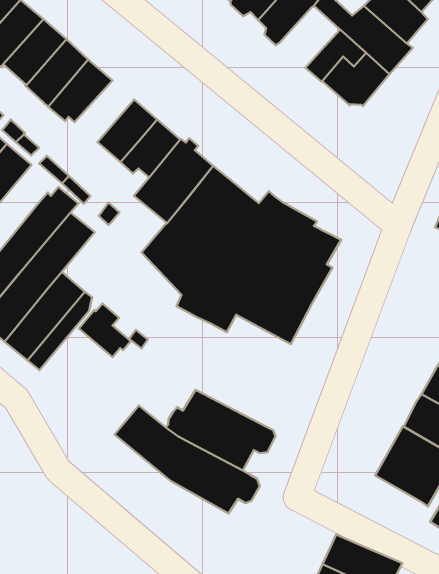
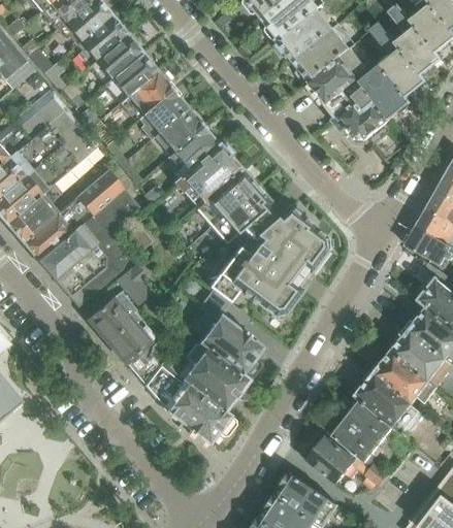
building: none -> [308,55,357,101]
building: none -> [137,88,187,137]
building: none -> [198,287,263,378]
building: none -> [89,290,160,365]
building: none -> [302,433,356,482]

